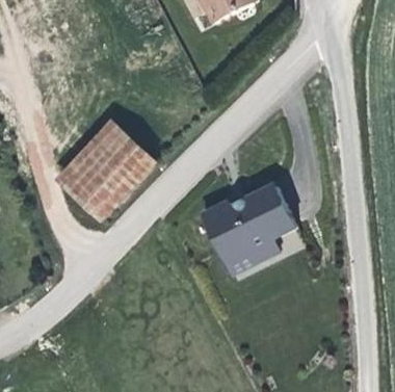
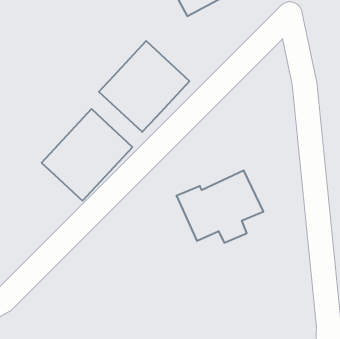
building: none -> [99,41,189,132]

